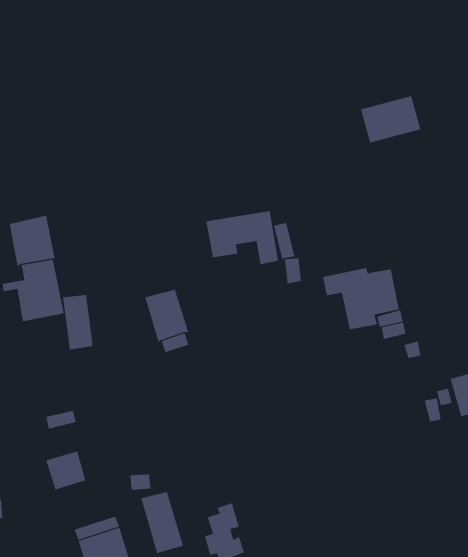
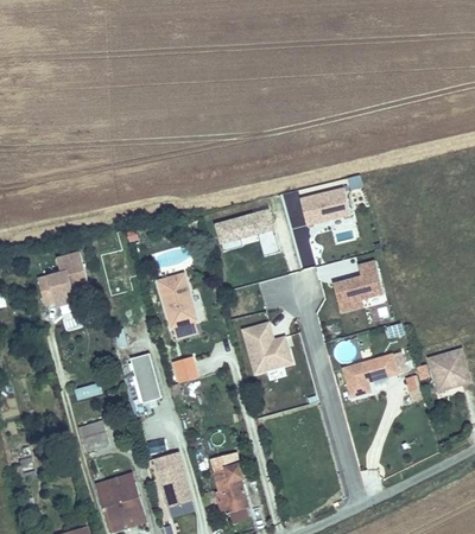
building: [360,96,421,143] -> [297,186,350,228]
building: [9,215,55,266] -> none
building: [62,295,93,350] -> [131,355,158,403]
building: none -> [239,320,292,375]
building: none -> [340,351,395,394]
building: none -> [169,355,198,384]

